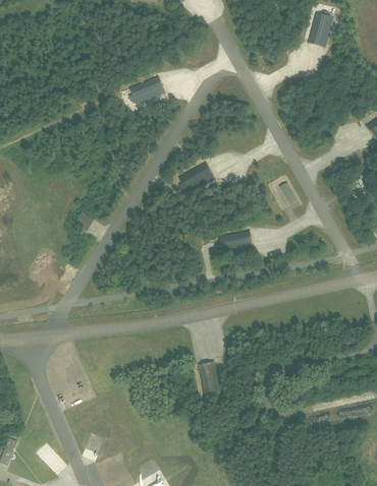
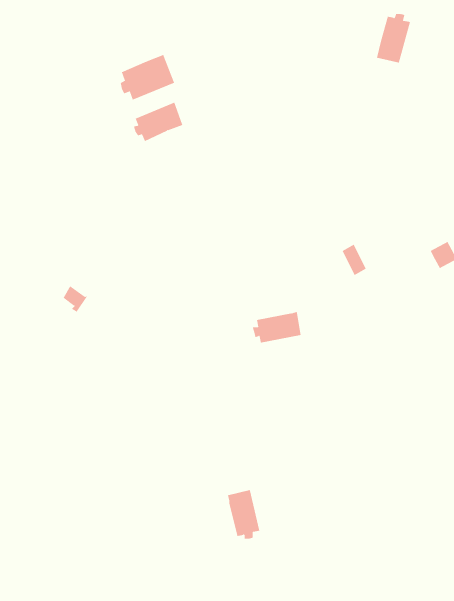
building: none -> [120,54,175,101]
building: [177,163,214,193] -> none

